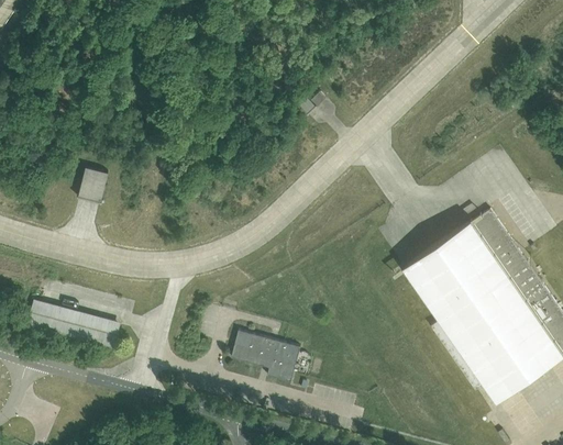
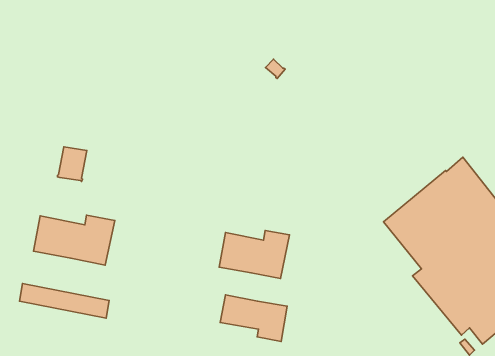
building: none -> [34,215,115,265]
building: none -> [219,230,289,279]

